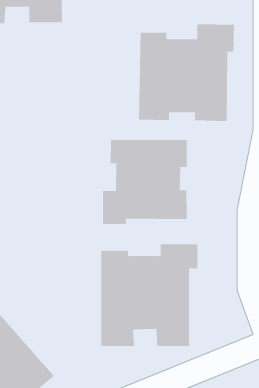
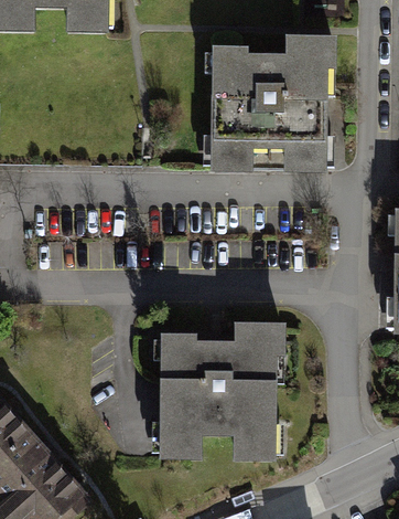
building: [102,139,187,225] -> none

